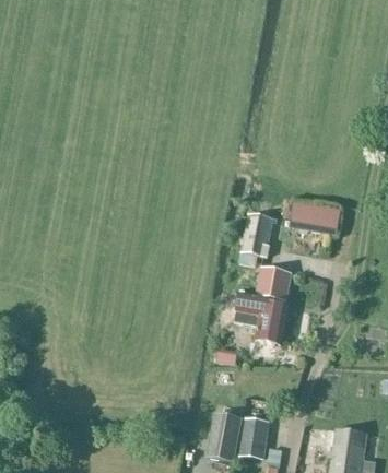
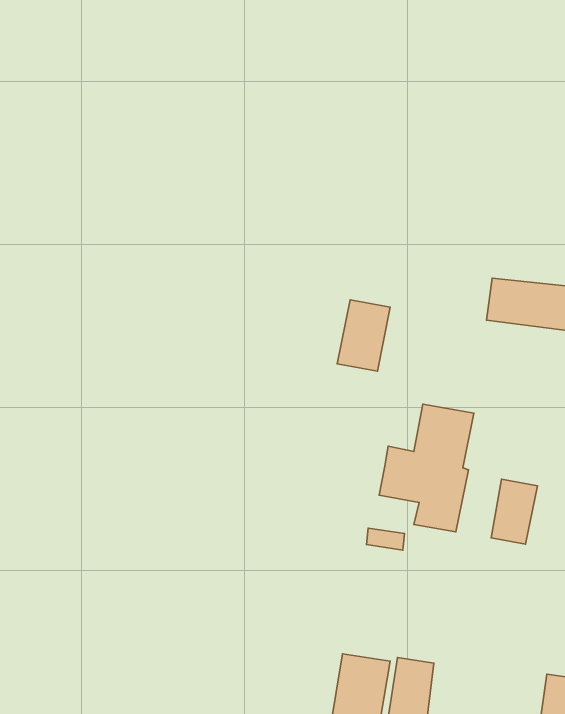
building: [244,214,275,257] -> [337,300,390,371]
building: none -> [491,479,538,544]

